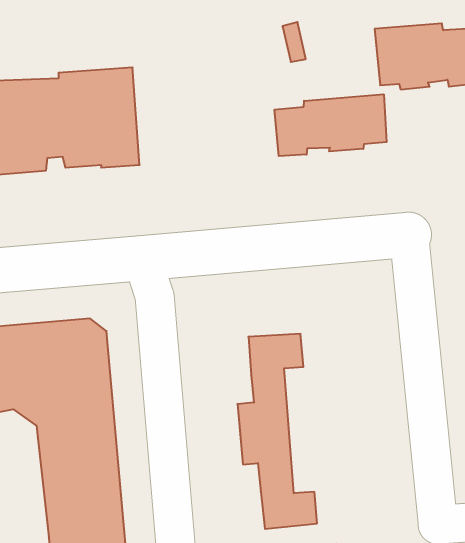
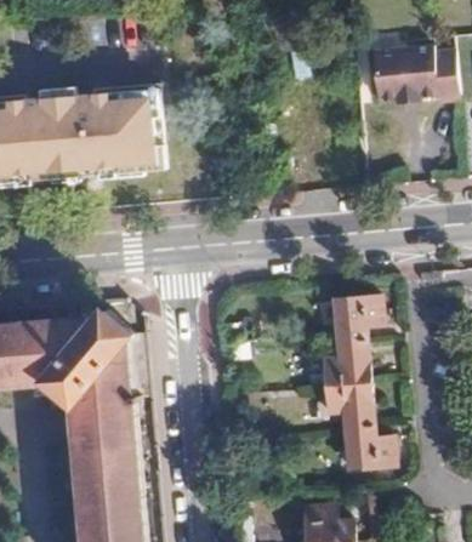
building: [275,94,387,156] -> none
building: [237,334,317,529] -> [323,298,393,470]

